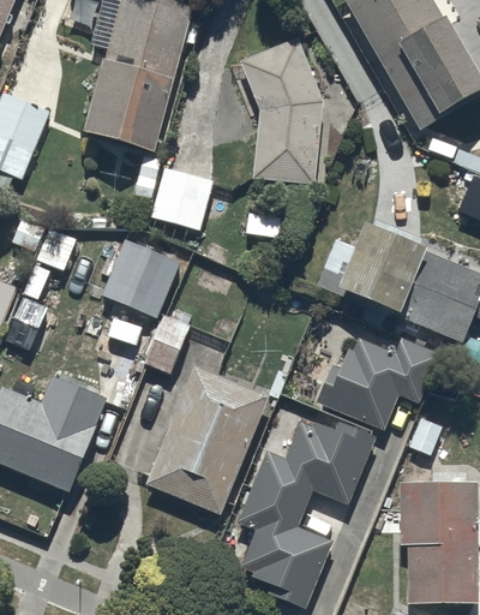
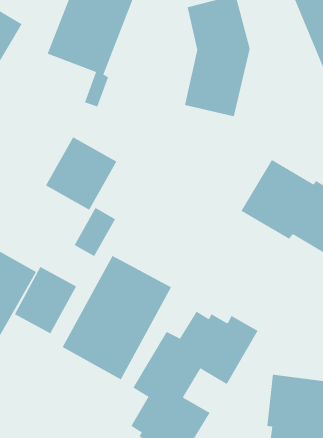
building: [150,163,214,229] -> none
building: [316,338,437,429] -> none
building: none -> [14,266,77,334]

